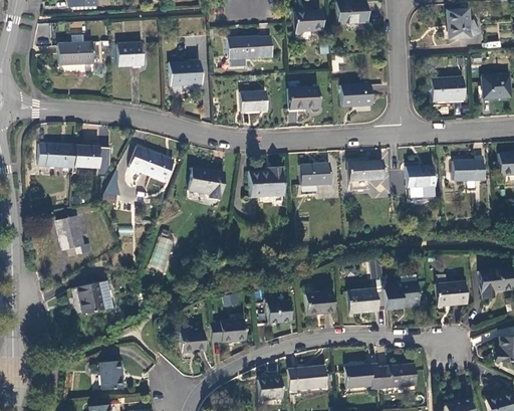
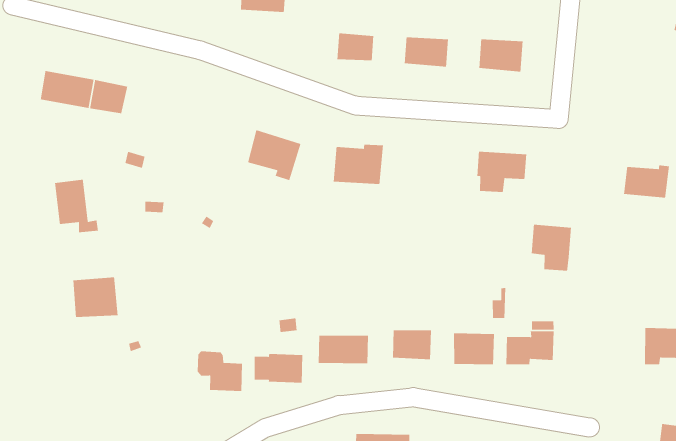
building: [431,77,465,101] -> none
building: [130,146,174,182] -> none
building: [300,164,331,195] -> none
building: [406,166,434,198] -> [531,224,572,271]
building: [435,281,467,305] -> none
building: [100,361,123,390] -> none

